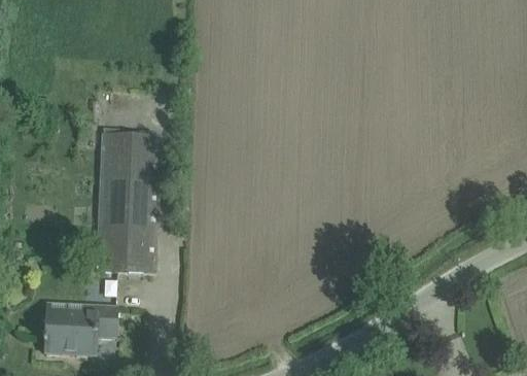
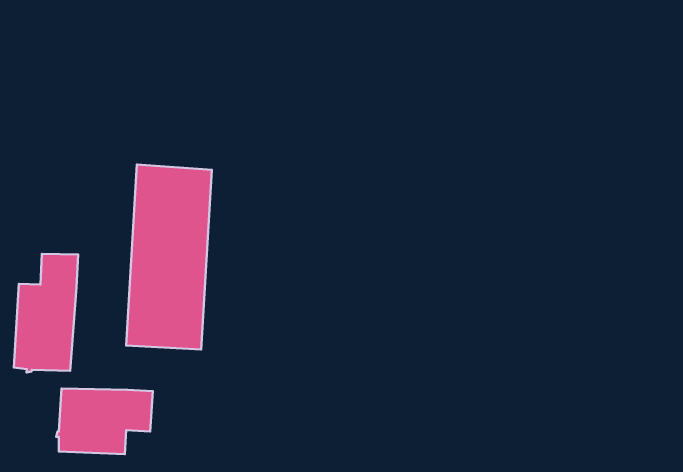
building: none -> [14,254,78,373]

